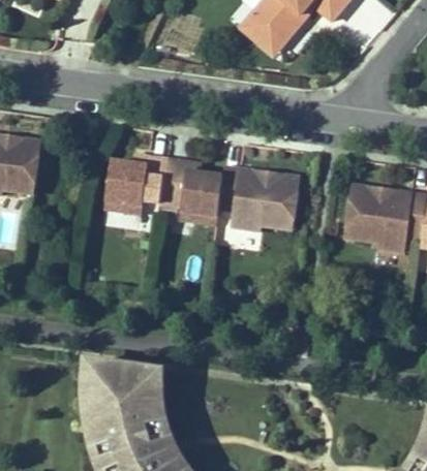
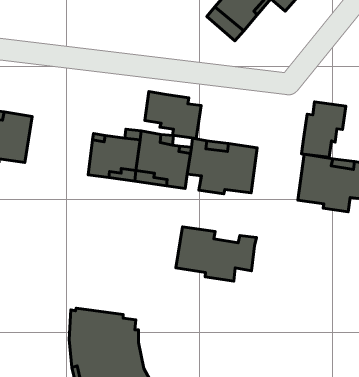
building: none -> [145,92,201,139]
building: none -> [301,102,346,157]
building: none -> [176,227,256,281]

